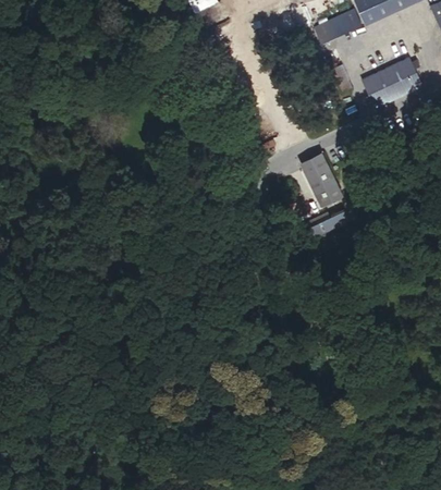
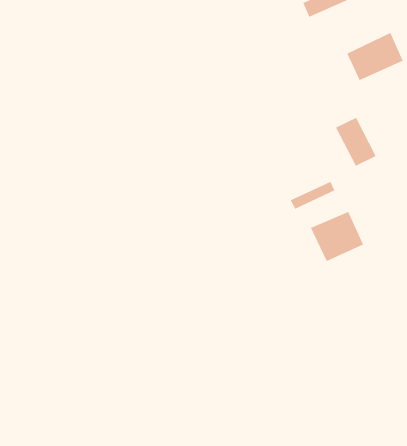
building: [301,155,343,206] -> [335,117,376,167]
building: none -> [310,211,364,262]

